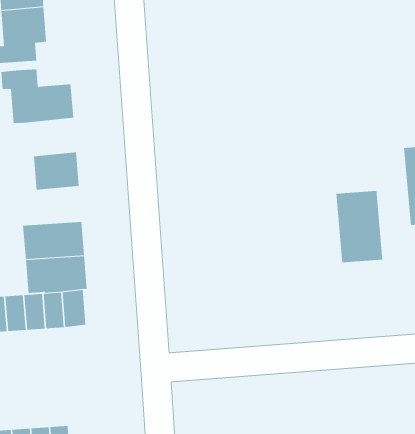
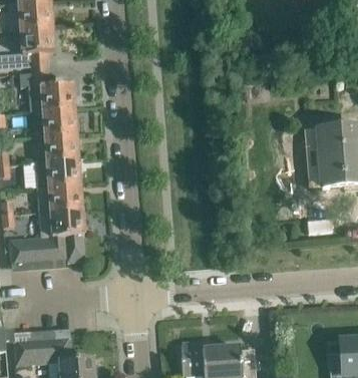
building: none -> [35,108,76,136]
building: none -> [34,158,80,187]
building: [336,190,383,263] -> none

